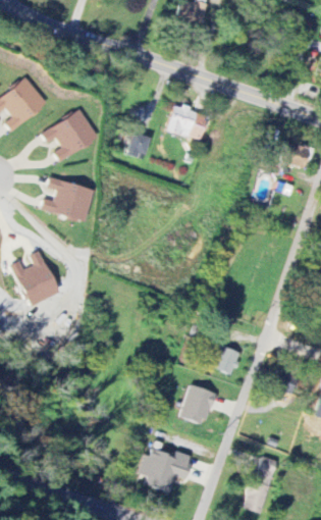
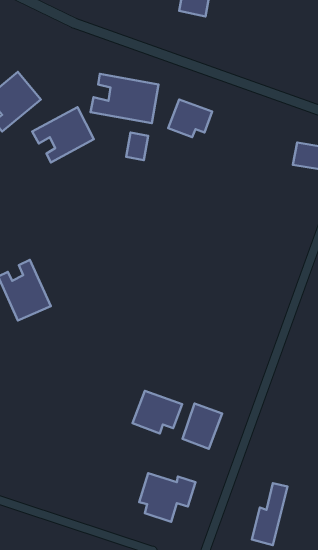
building: none -> [91,74,158,123]
building: [40,176,93,220] -> none
building: [214,345,239,374] -> none
building: none -> [133,391,182,433]

